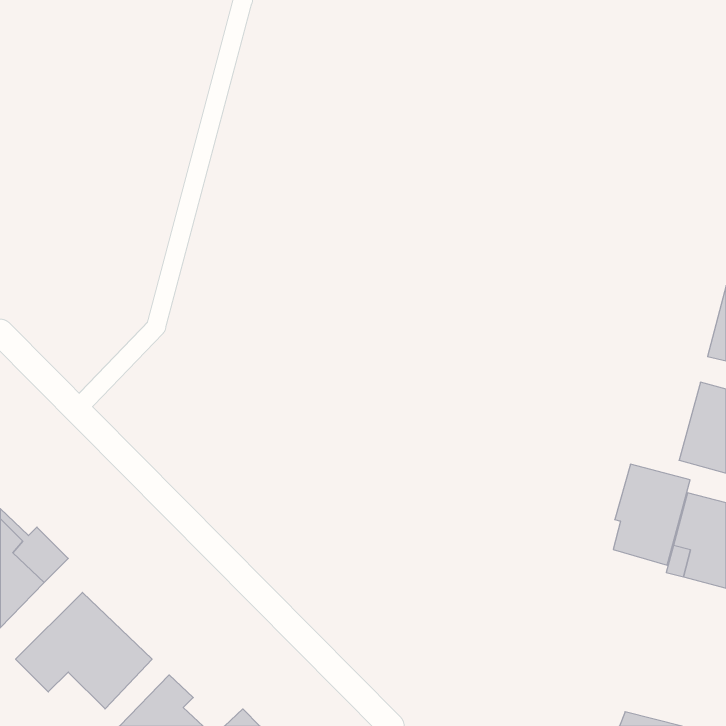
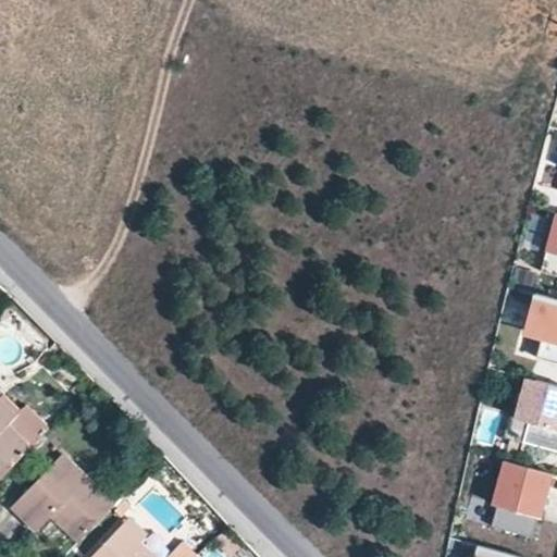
building: [613,464,690,565] -> [492,460,550,537]

